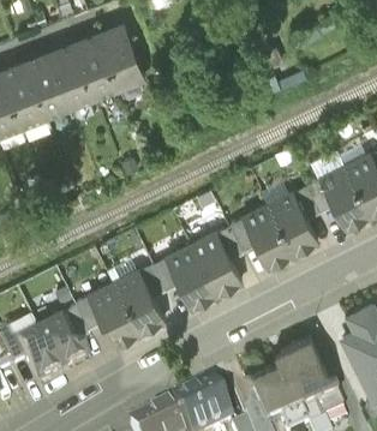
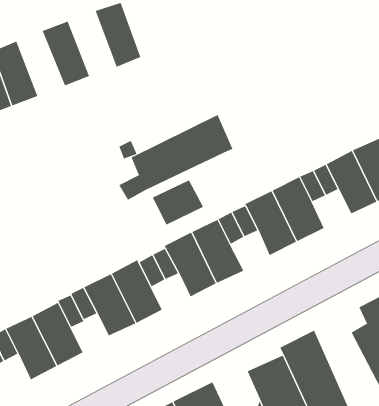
building: [72,31,118,94] -> none
building: [23,50,68,113] -> none
building: none -> [118,114,233,200]
building: none -> [152,180,204,226]

